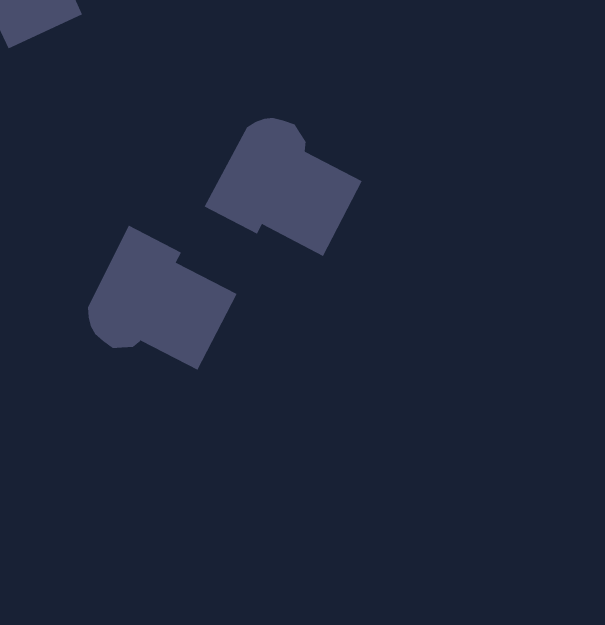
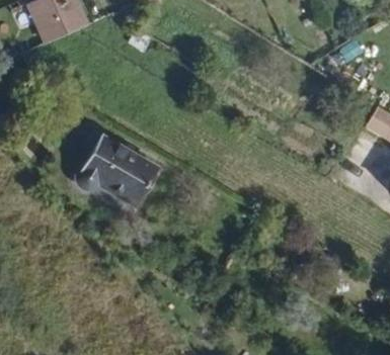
building: [204,117,362,257] -> none

